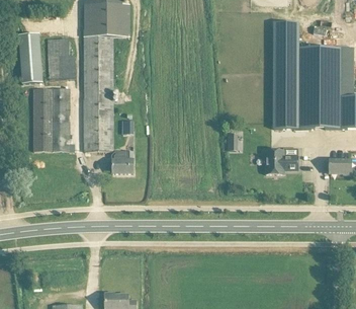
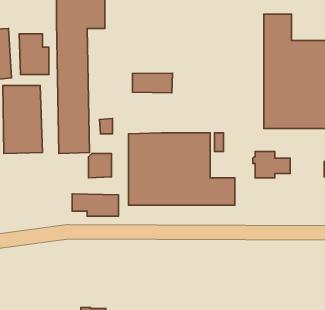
building: none -> [133,73,173,93]
building: none -> [129,133,235,205]
building: none -> [72,194,119,216]

